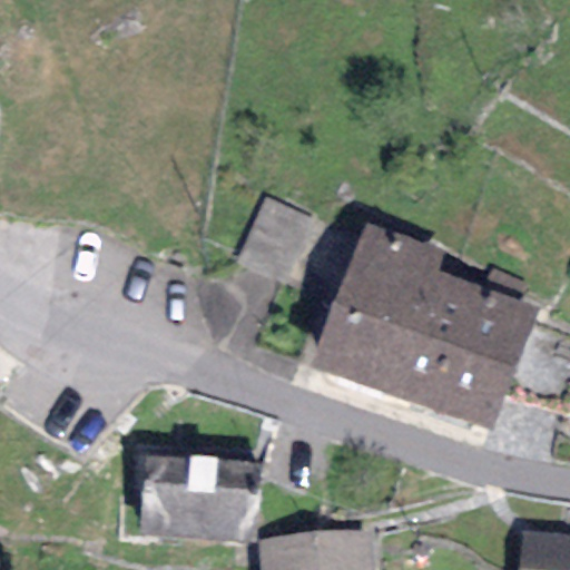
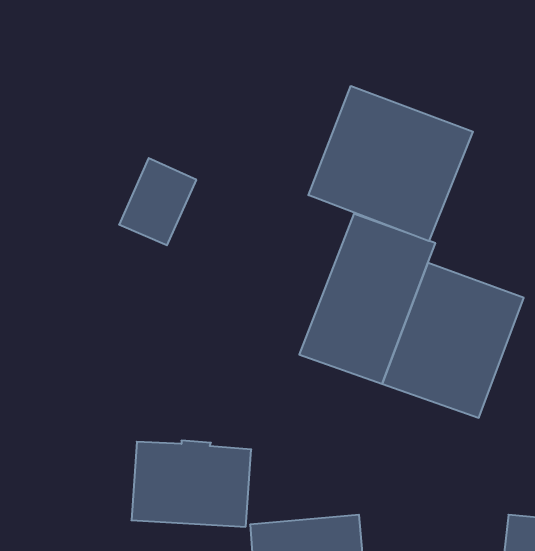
building: none -> [308,86,473,241]
building: [236,196,315,285] -> [119,158,196,245]

